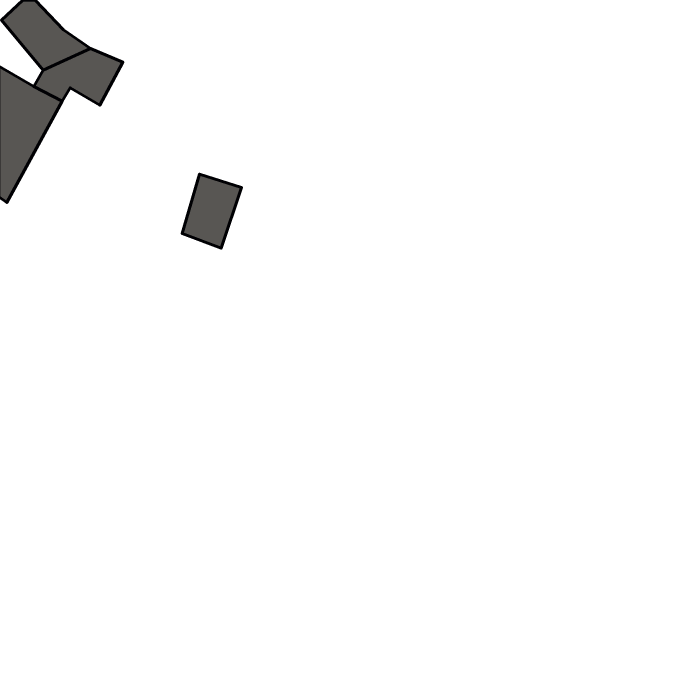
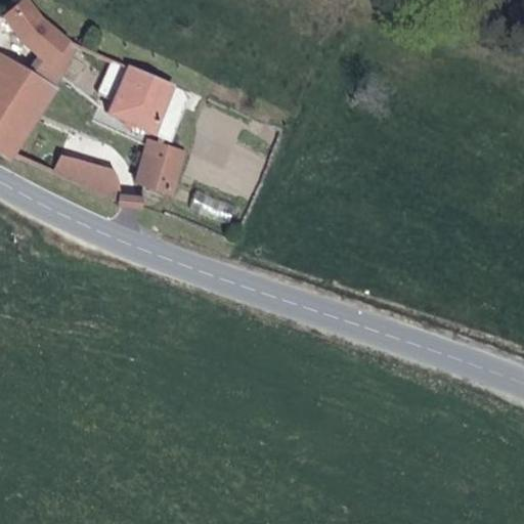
building: none -> [104,67,186,134]
building: none -> [57,152,125,202]

